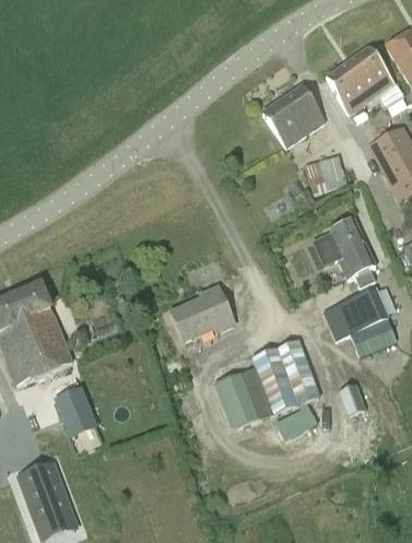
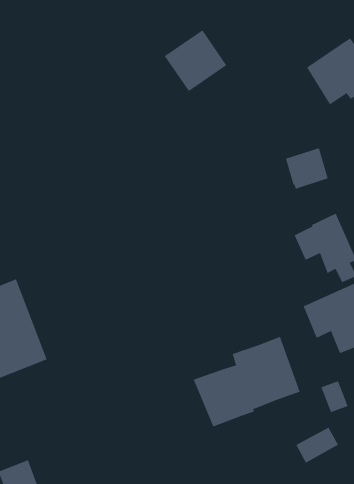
building: [262,85,325,146] -> [164,30,227,92]
building: [170,287,234,342] -> none
building: [52,375,95,433] -> none
building: [276,405,319,441] -> [296,427,339,464]

